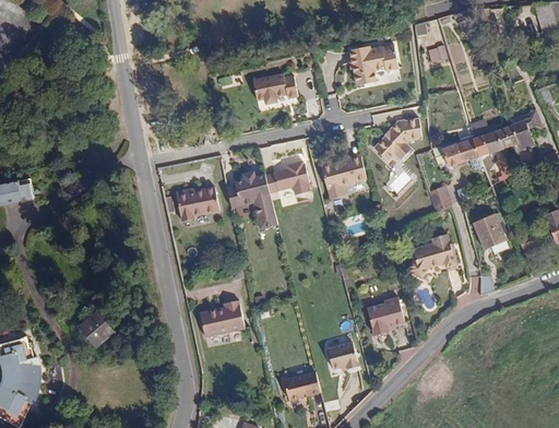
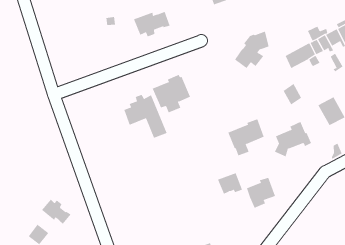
building: [322,153,368,197] -> [228,119,265,156]
building: [176,183,219,221] -> none
building: none -> [41,199,71,224]
building: [199,302,243,340] -> none
building: [324,343,355,368] -> [217,173,243,194]

